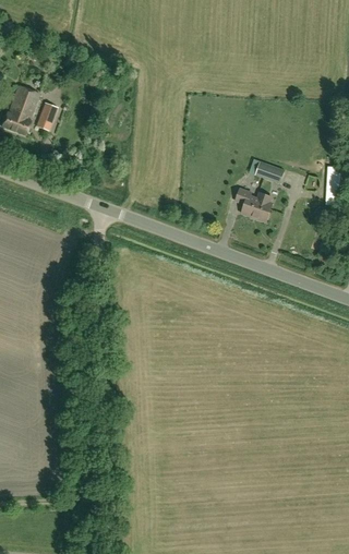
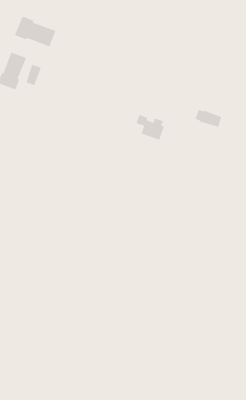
building: none -> [14,16,57,48]
building: [236,189,273,222] -> [135,114,165,141]

